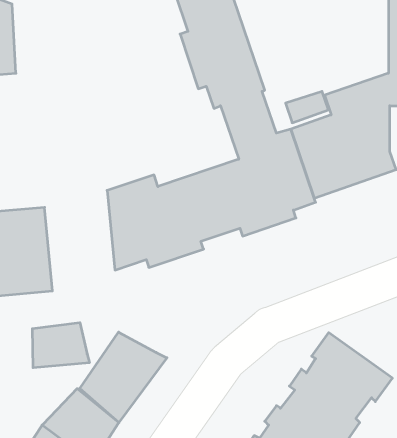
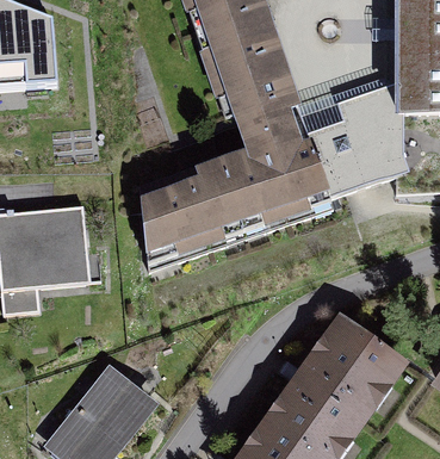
building: [32,323,89,368] -> none
building: [80,332,167,423] -> none

